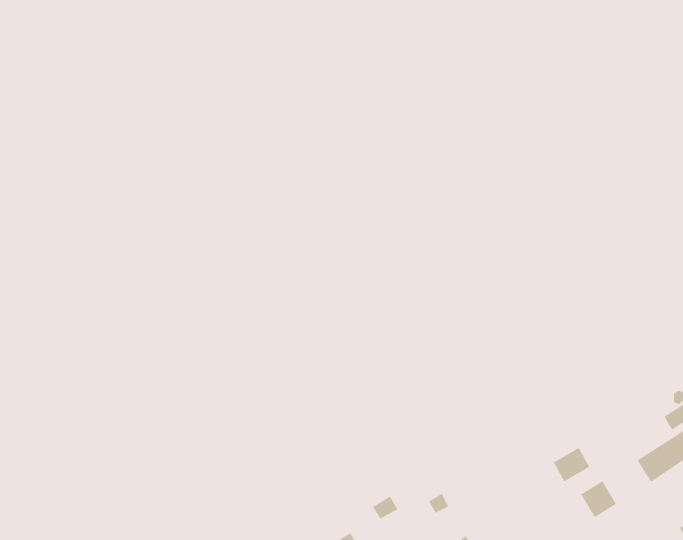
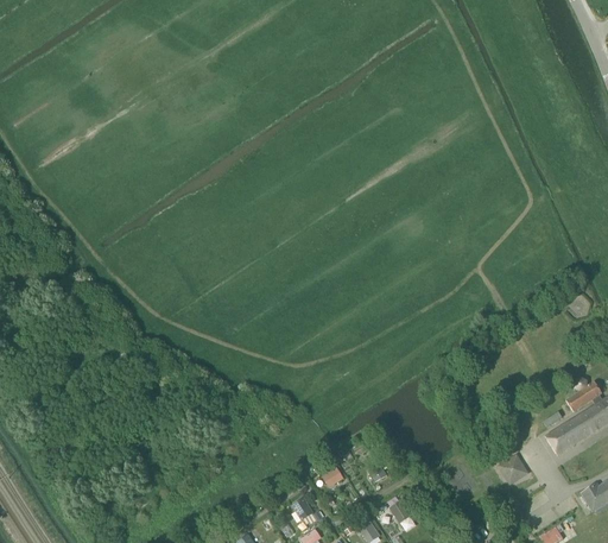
building: [553,447,590,483] -> none

